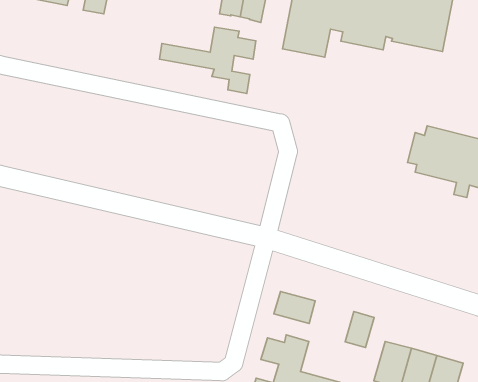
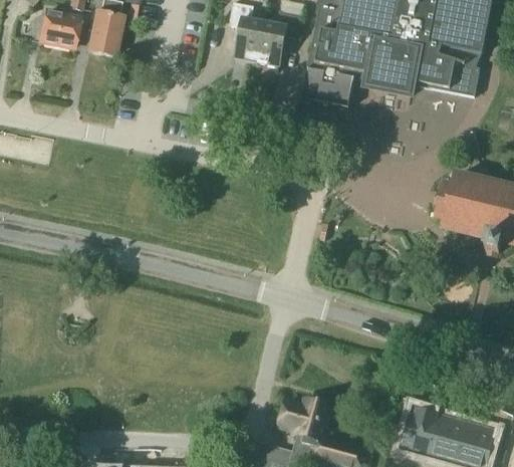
building: [160,27,256,94] -> none
building: [274,291,315,324] -> none
building: [345,312,374,348] -> none

